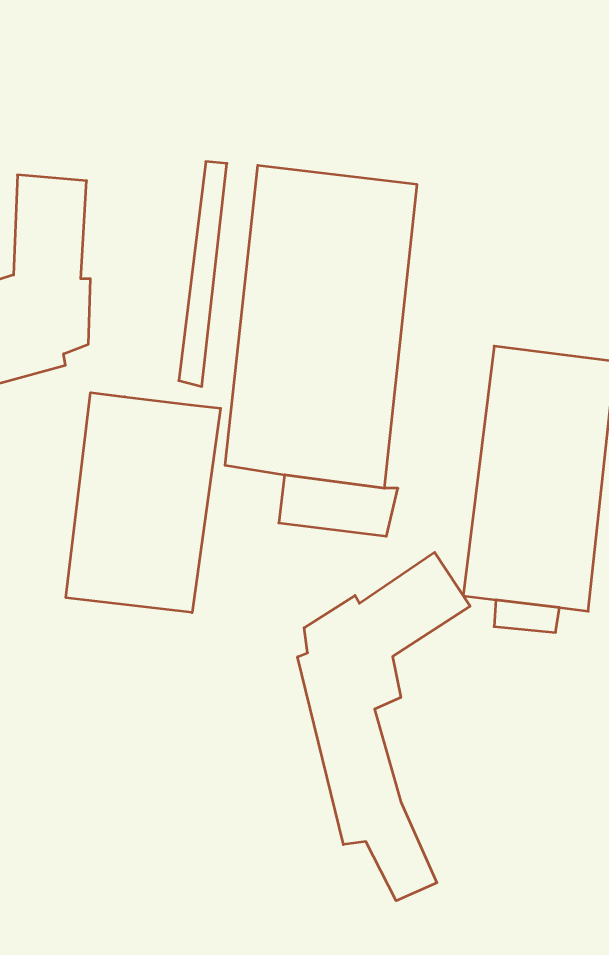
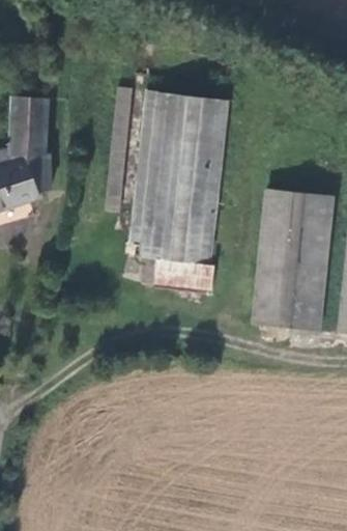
building: [66,393,221,613] -> none
building: [298,552,470,901] -> none

